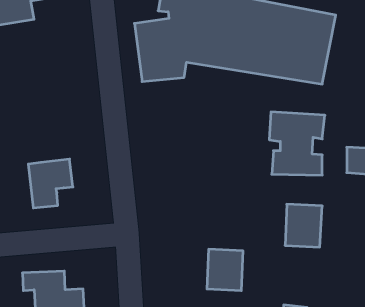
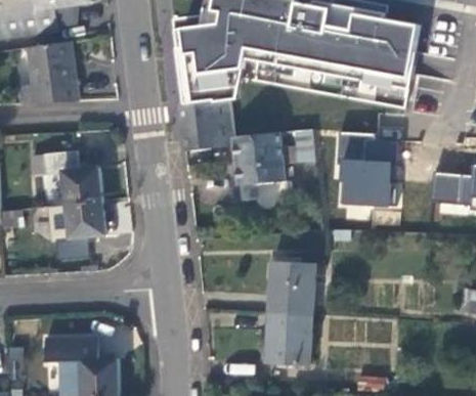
building: none -> [31,39,79,100]
building: none -> [182,103,310,189]
building: none -> [26,149,98,202]
building: [285,204,322,247] -> [267,257,312,309]

